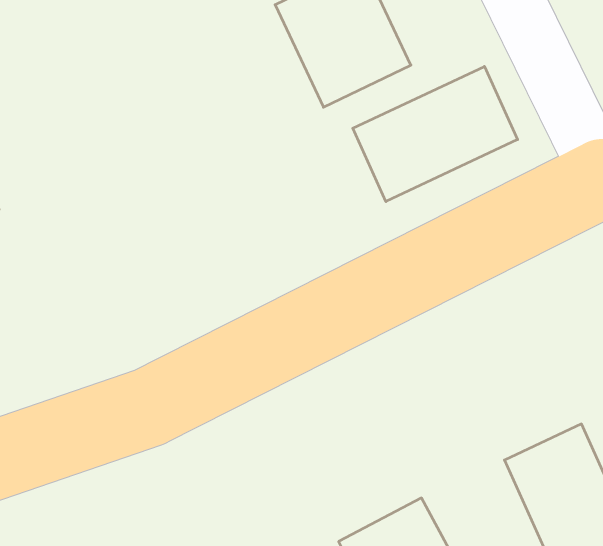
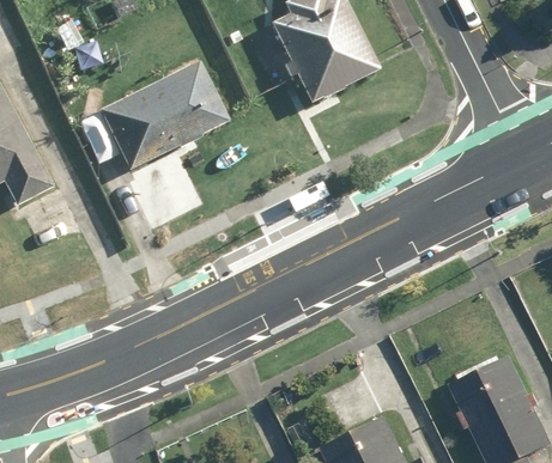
building: none -> [96,60,224,169]
building: [353,66,518,202] -> none

